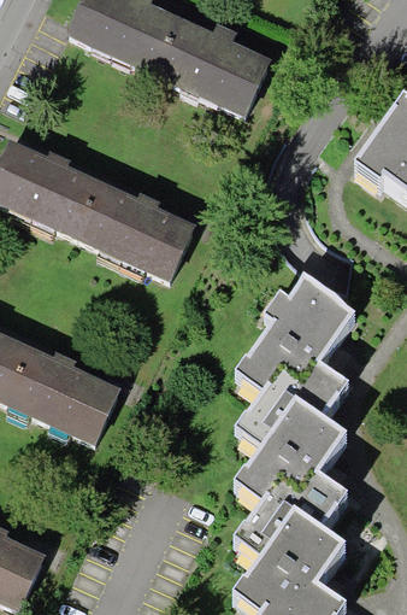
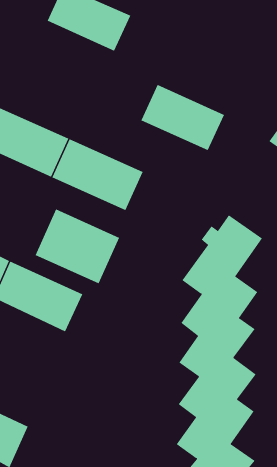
building: [157,20,266,107] -> [141,84,225,151]
building: none -> [35,209,120,284]

